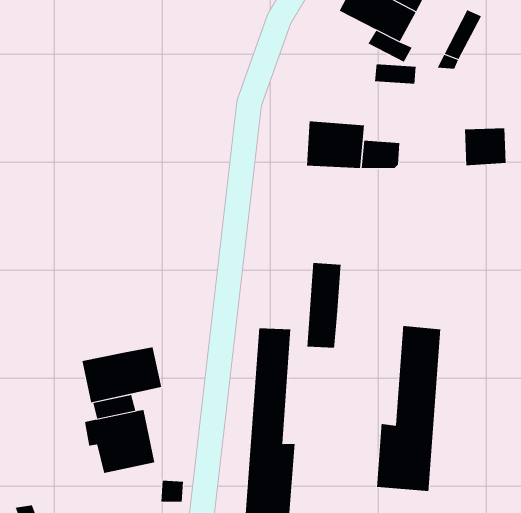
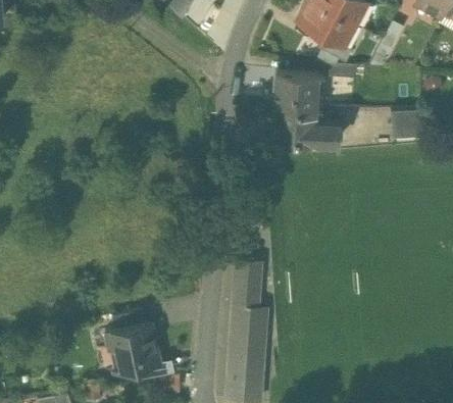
building: none -> [274,72,318,109]
building: [307,262,341,348] -> none
building: [377,325,441,492] -> none
building: [82,347,162,403] -> none

